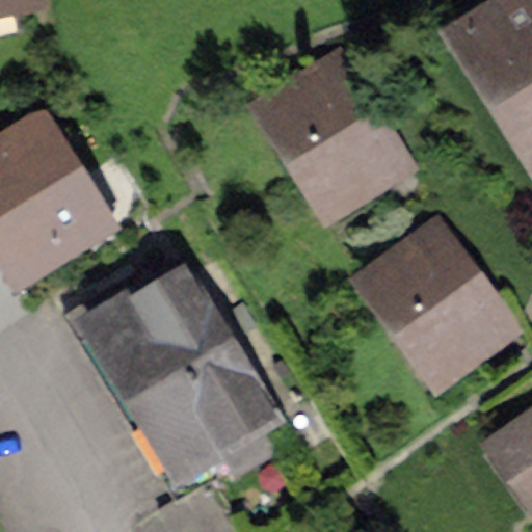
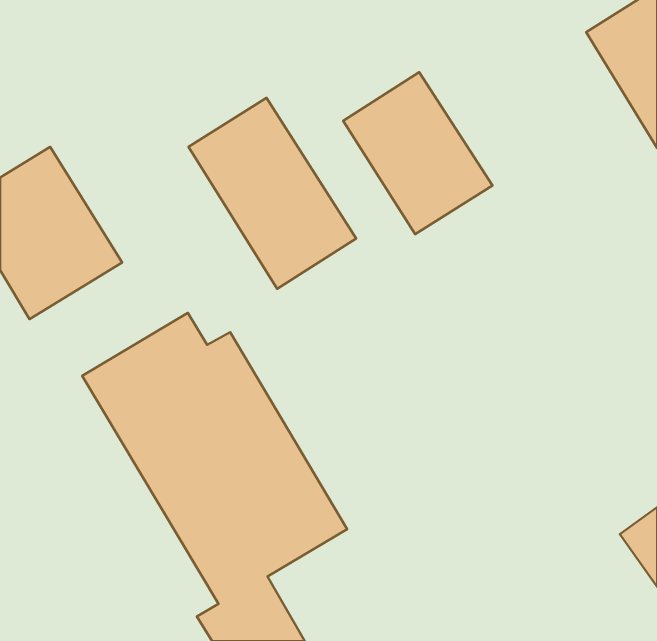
building: none -> [188,98,356,289]
building: [377,225,502,356] -> none

